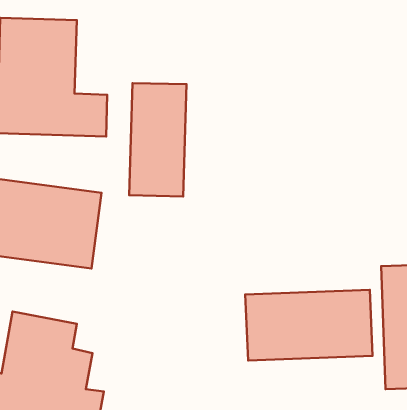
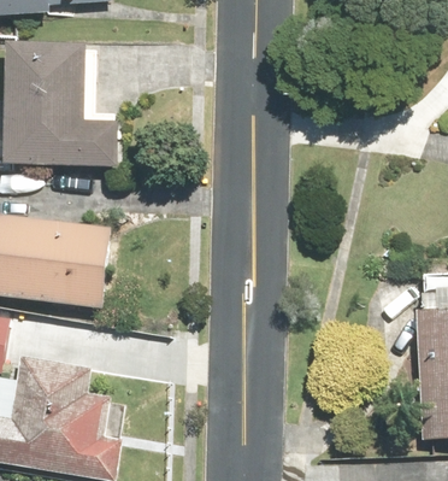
building: [129,83,187,197] -> none
building: [245,290,373,360] -> none

